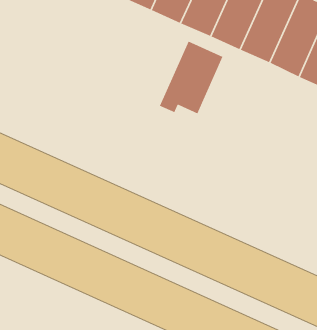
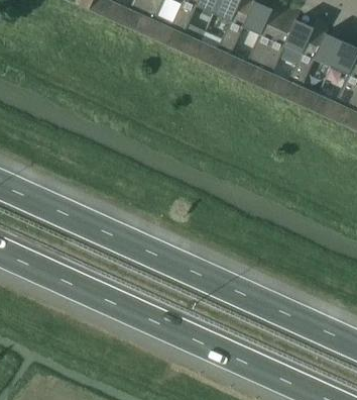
building: [159,41,224,115] -> none

